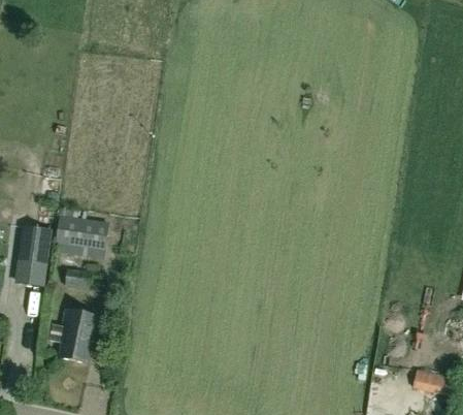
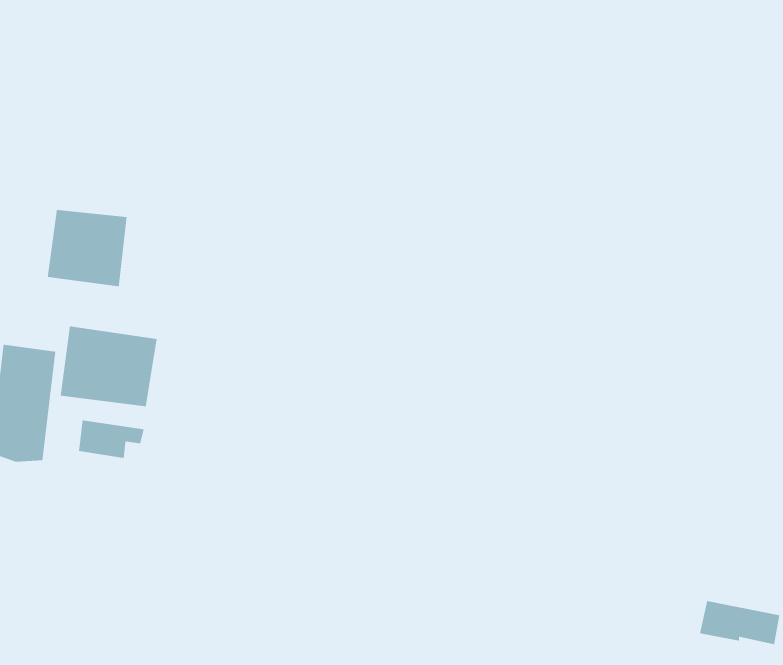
building: none -> [47,209,127,287]
building: [58,309,97,361] -> none

